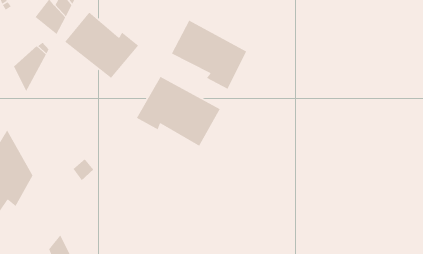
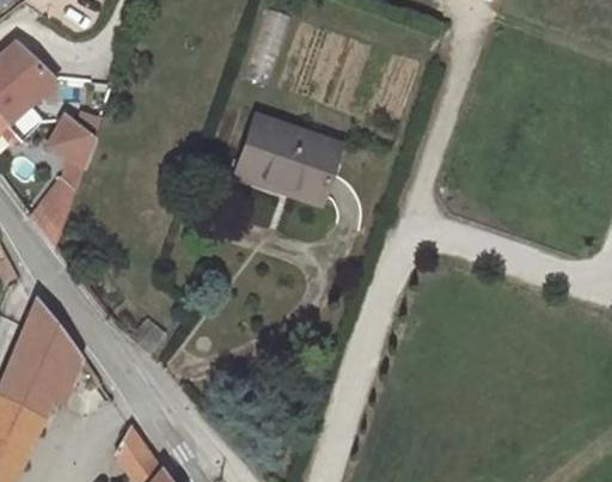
building: [64,11,139,79] -> none
building: [136,76,221,147] -> none

